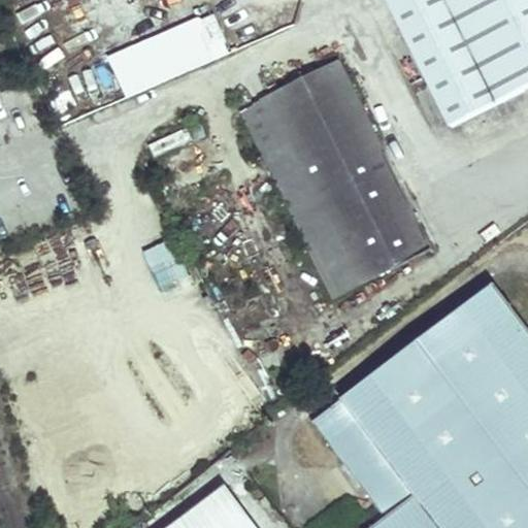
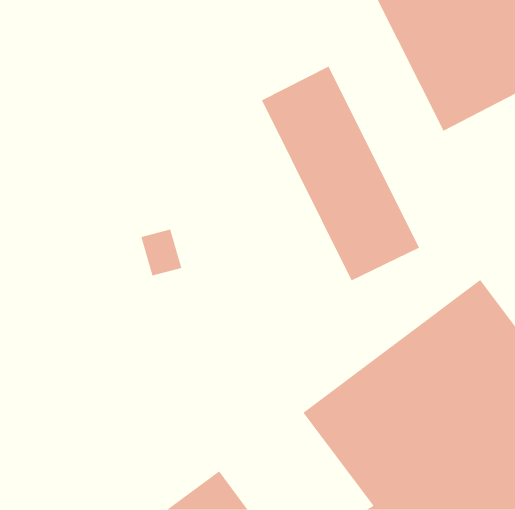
building: [108,5,232,90] -> none
building: [240,102,360,300] -> none

